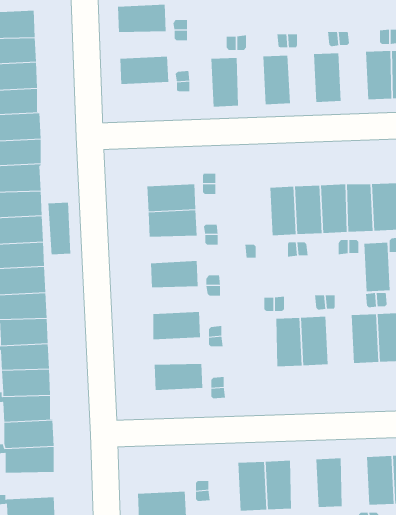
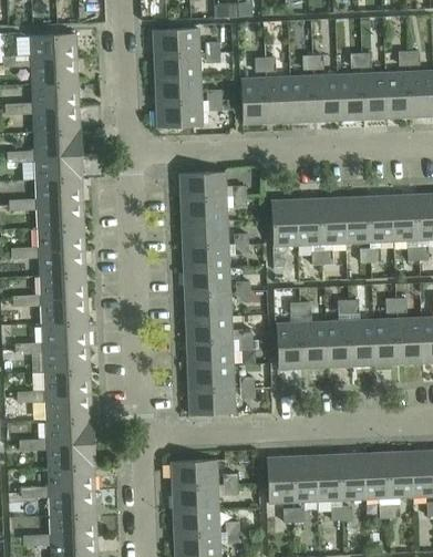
building: none -> [154,53,200,79]
building: none -> [361,72,388,118]
building: none -> [313,74,339,121]
building: none -> [266,76,291,123]
building: none -> [156,101,203,127]
building: none -> [179,172,226,198]
building: none -> [270,199,298,246]
building: [48,202,71,255] -> none
building: none -> [183,245,228,270]
building: [363,242,391,292] -> [349,319,374,365]
building: none -> [185,292,230,318]
building: none -> [276,322,302,369]
building: none -> [186,340,233,365]
building: none -> [188,388,235,414]
building: none -> [363,452,389,498]
building: none -> [316,454,341,501]
building: none -> [171,460,217,486]
building: none -> [48,466,95,492]

